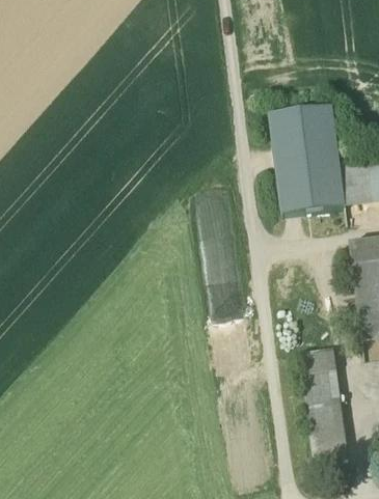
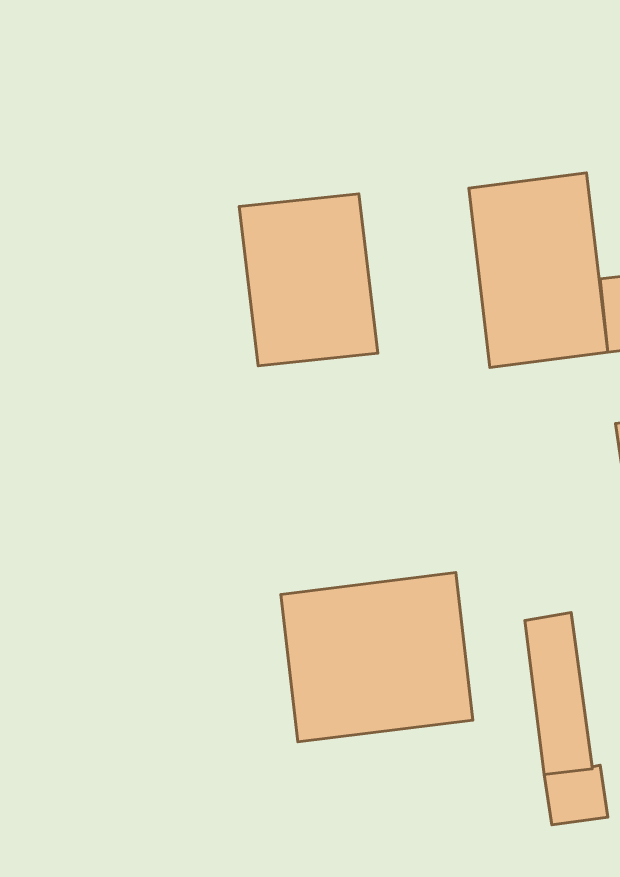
building: none -> [239,194,378,366]
building: none -> [281,573,473,742]

